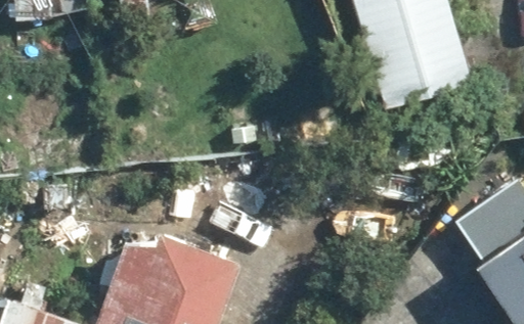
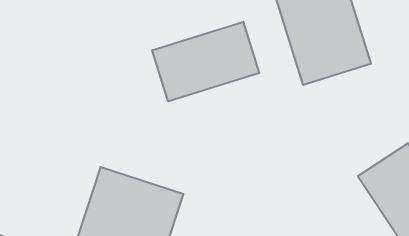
building: none -> [152,22,259,101]

